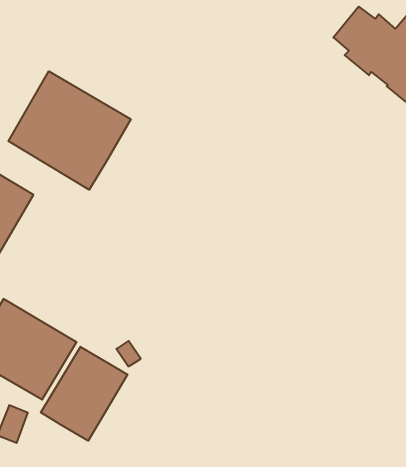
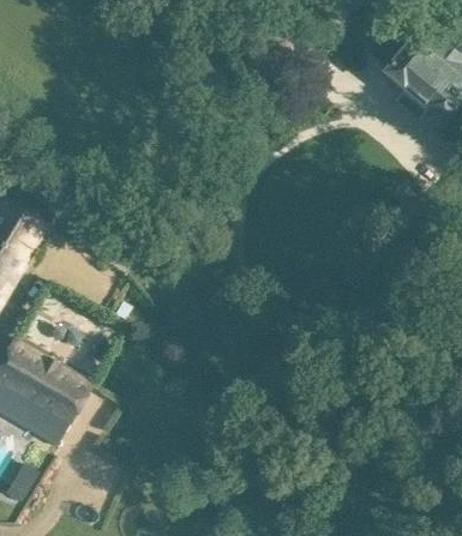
building: [8,71,131,190] -> none
building: [41,347,127,441] -> none

